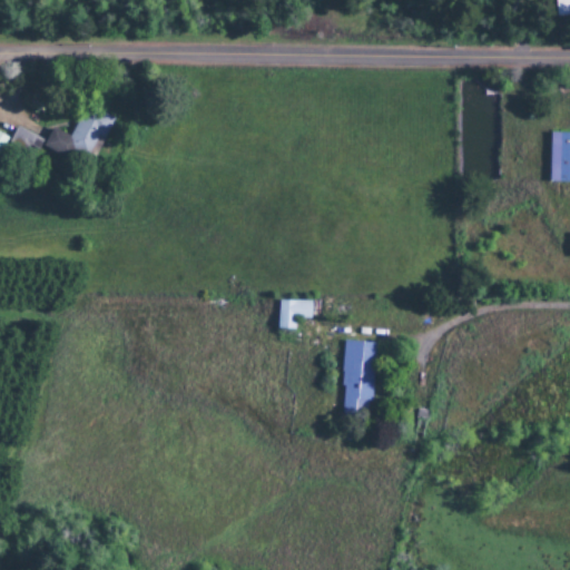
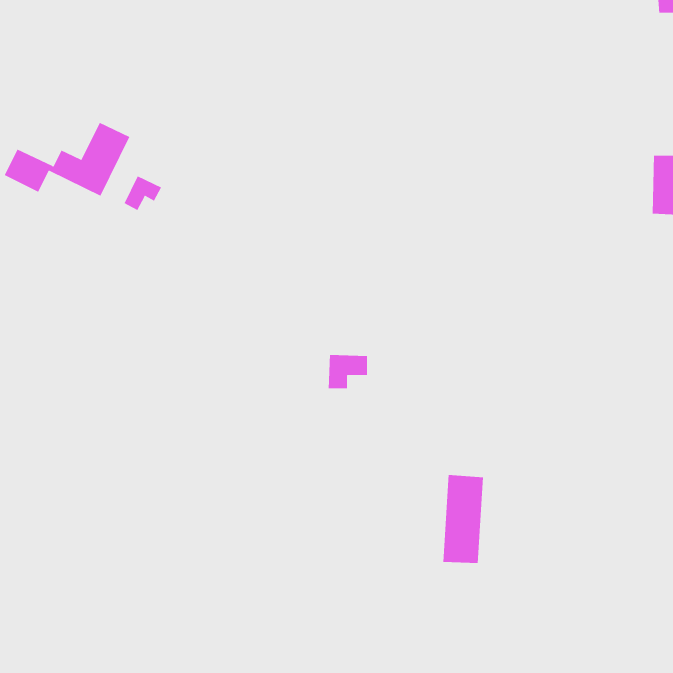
building: none -> [124,175,162,211]
building: [342,337,376,412] -> [443,475,484,563]

